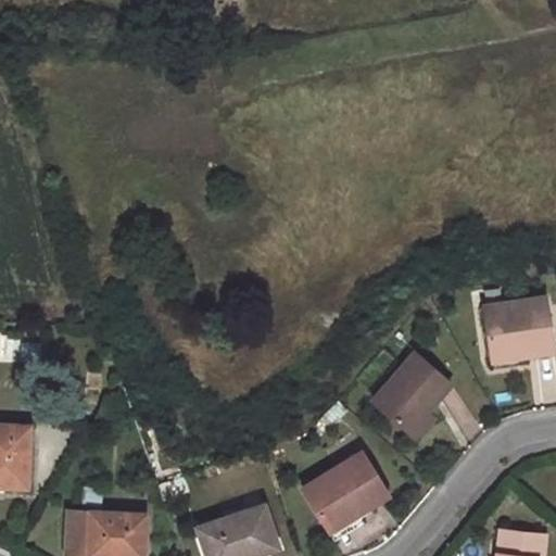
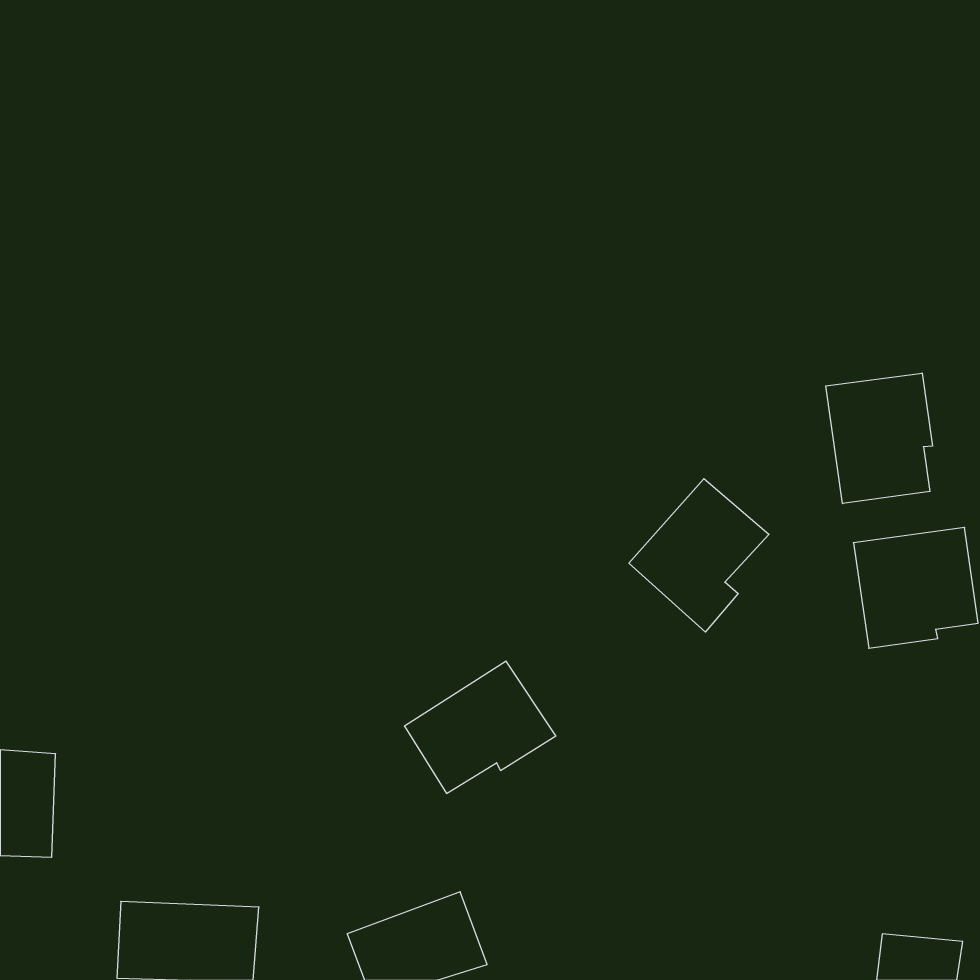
building: none -> [826,373,932,504]
building: [372,353,452,440] -> [629,479,769,632]
building: [303,453,389,528] -> [404,661,556,793]

